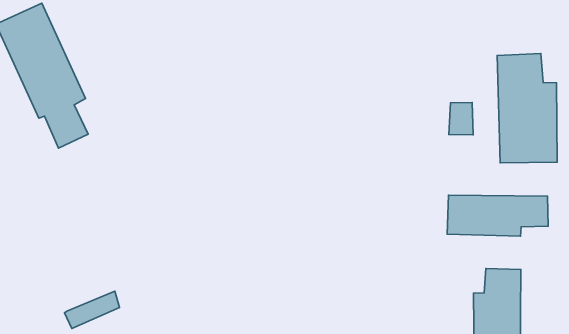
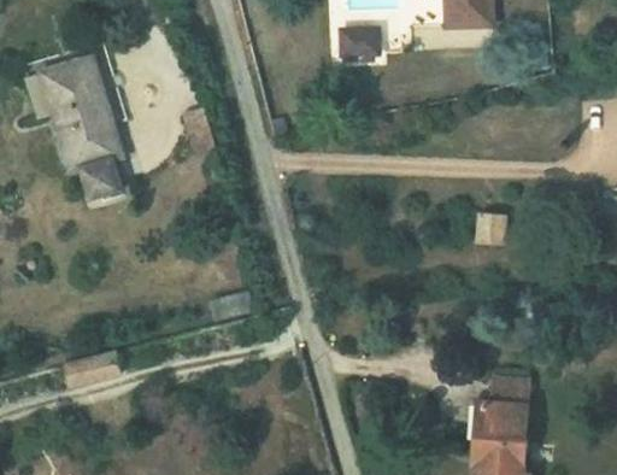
building: [497,53,557,163] -> none
building: [447,195,548,236] -> none

